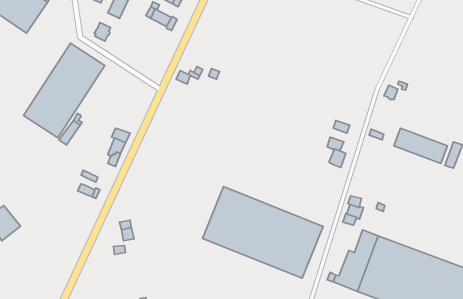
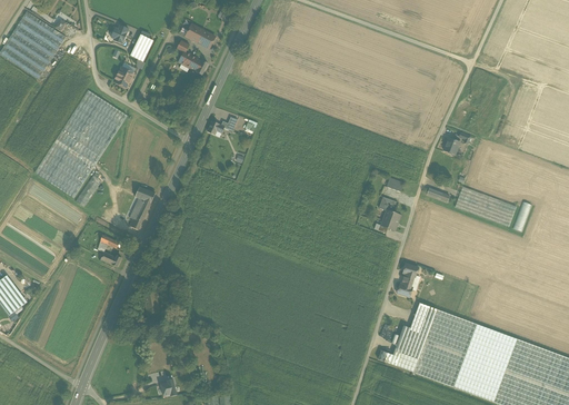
building: [203,187,323,278] -> none

